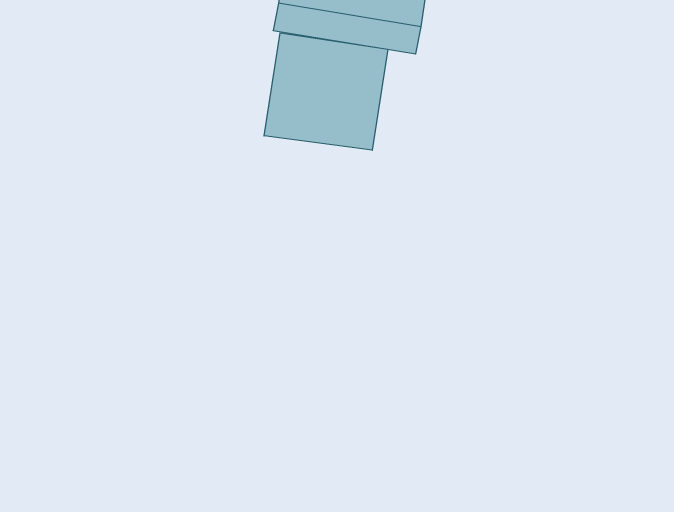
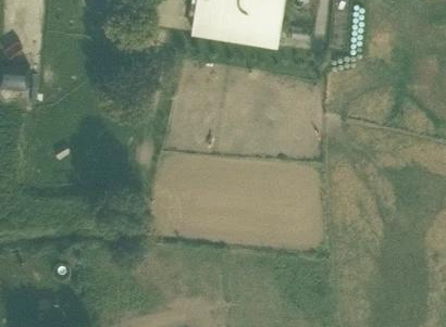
building: [264,33,388,150] -> none

